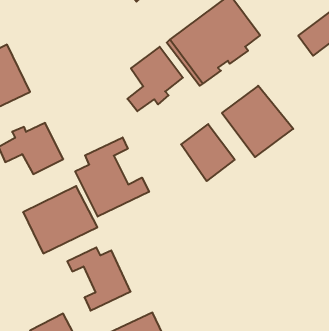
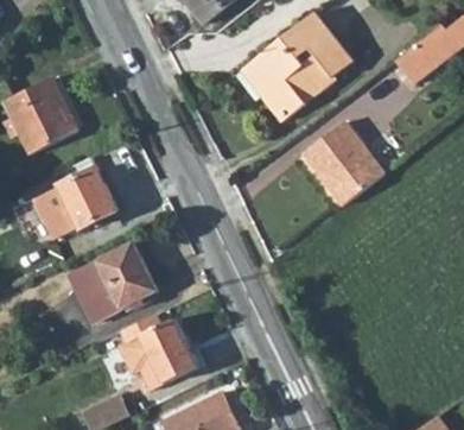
building: [127,47,183,111] -> none
building: [181,124,235,181] -> none
building: [75,137,149,217] -> none

